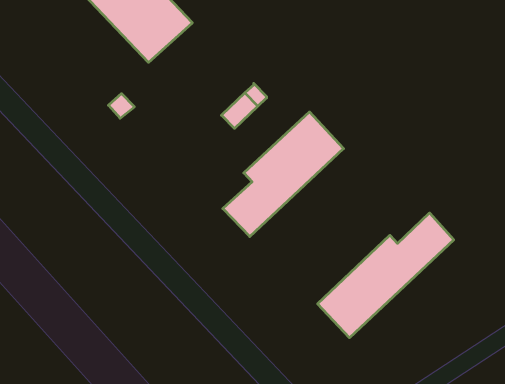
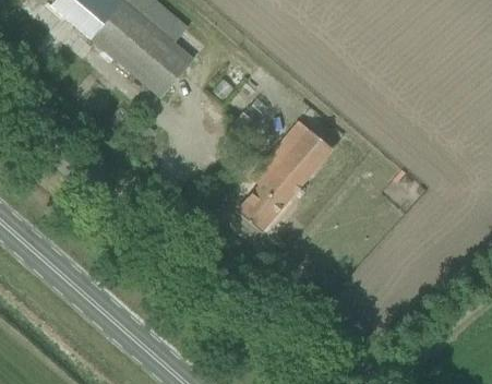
building: [318,213,454,338] -> none

